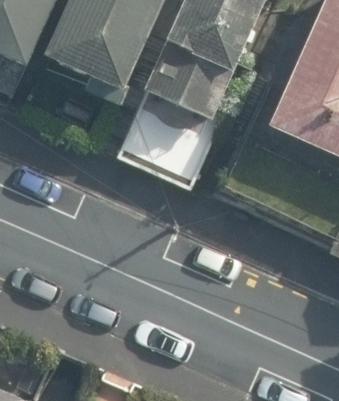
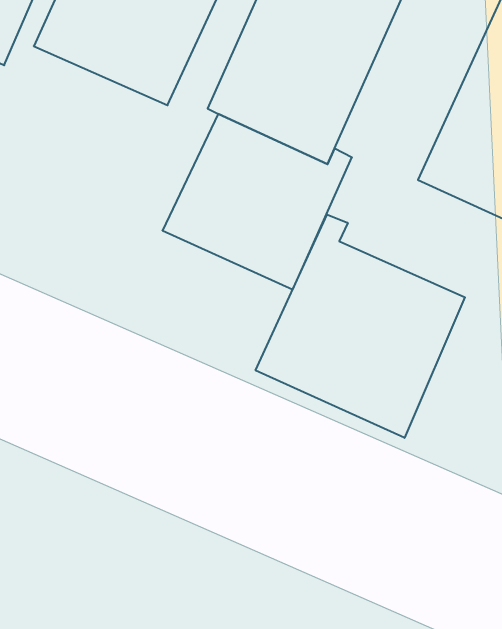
building: none -> [256,214,465,438]

